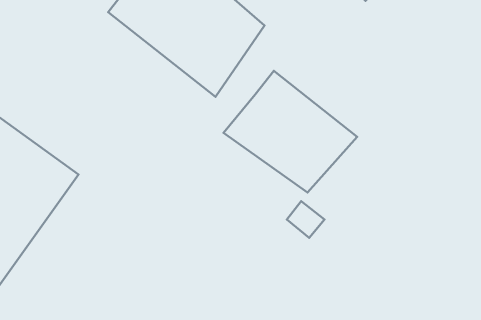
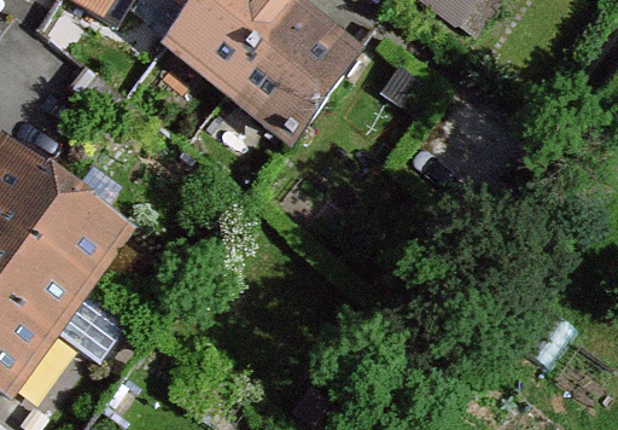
building: [224,71,357,193] -> none

